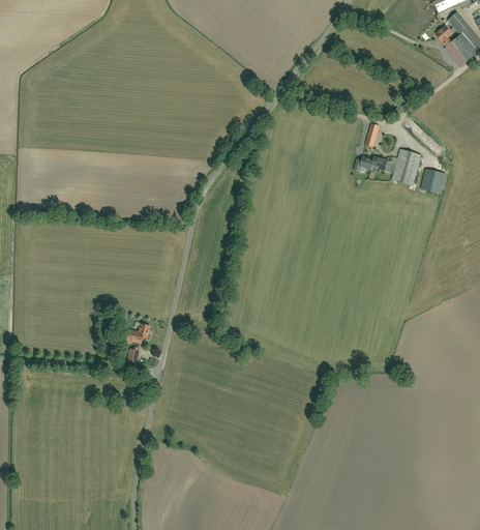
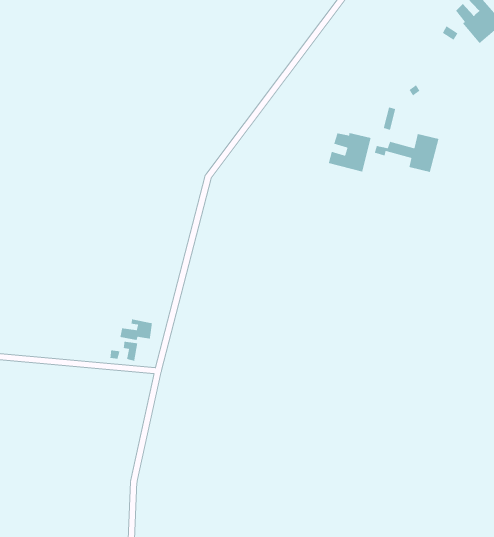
building: none -> [328,132,372,172]
building: [422,168,445,196] -> none

